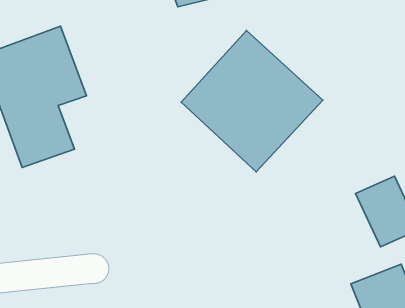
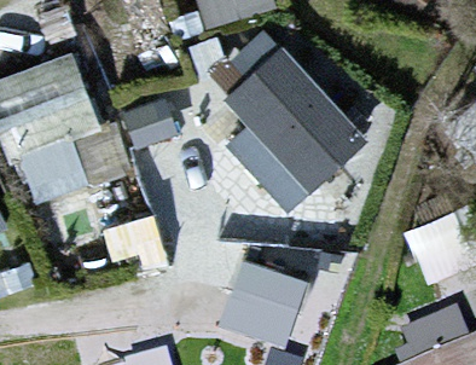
building: none -> [217,250,310,348]

